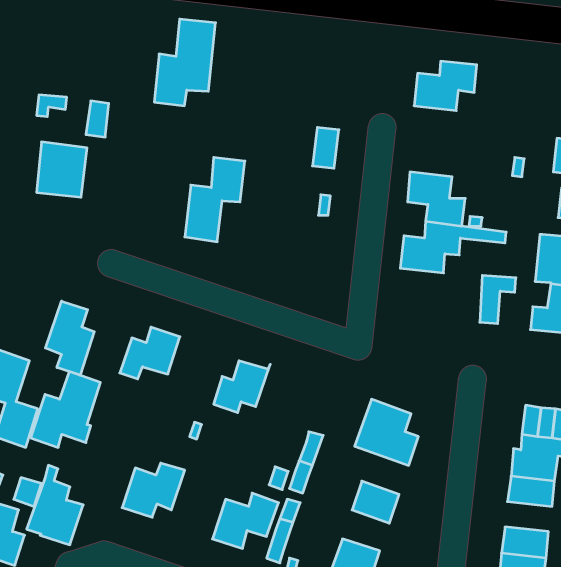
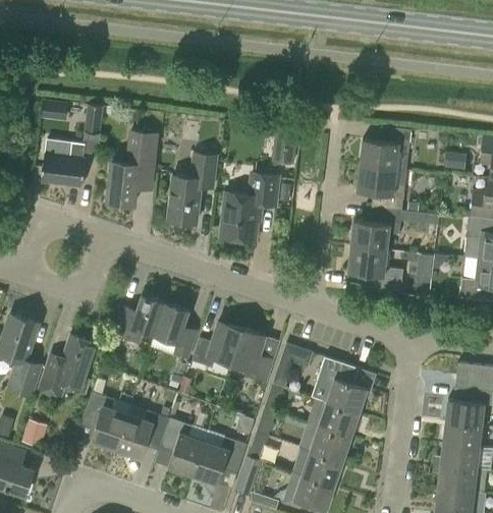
building: [154,19,216,106] -> [108,130,160,204]
building: [414,61,477,111] -> [359,127,412,169]
building: none -> [220,172,281,242]
building: none -> [347,246,404,293]
building: [45,301,94,375] -> none
building: none -> [154,304,199,360]
building: none -> [228,328,273,382]
building: none -> [273,346,312,388]
building: none -> [318,402,358,438]
building: [27,465,83,545] -> [78,382,126,449]
building: none -> [157,417,203,475]
building: none -> [439,444,479,469]
building: none -> [302,451,341,486]

